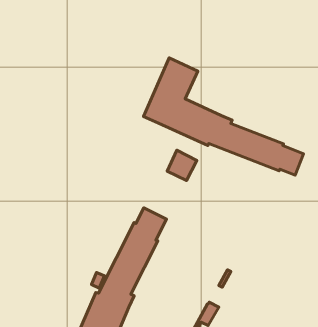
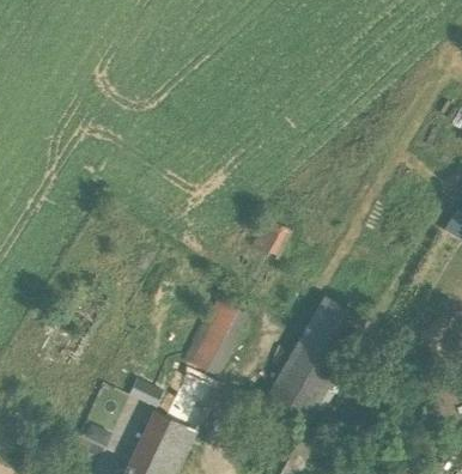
building: [144,58,304,175] -> none
building: none -> [262,294,353,421]

